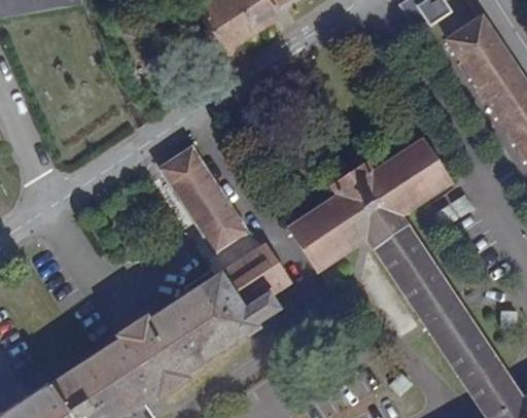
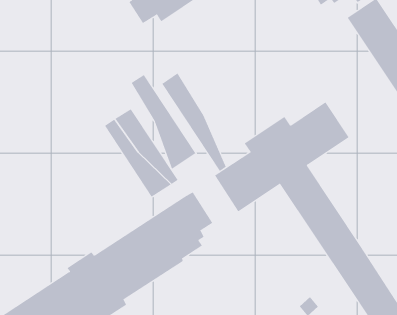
building: none -> [162,72,226,172]
building: none -> [131,74,196,170]

